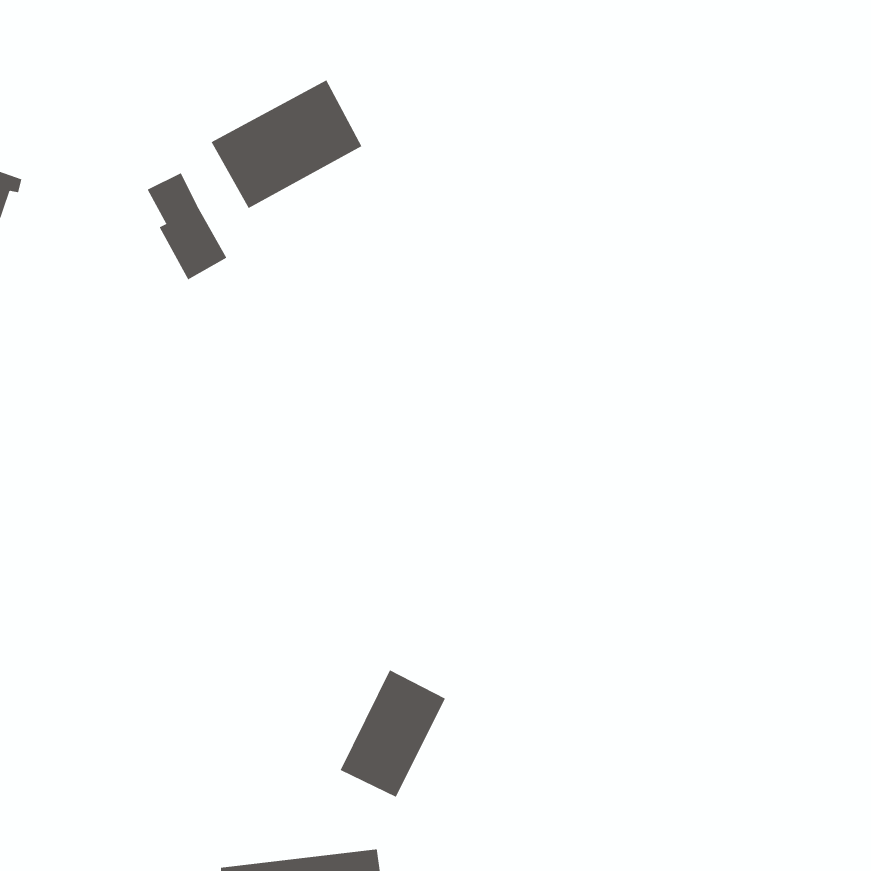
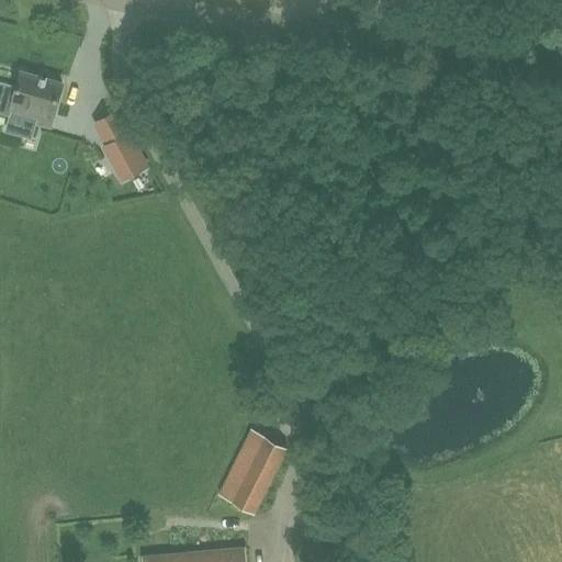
building: [211,80,362,209] -> none
building: none -> [9,71,60,126]

